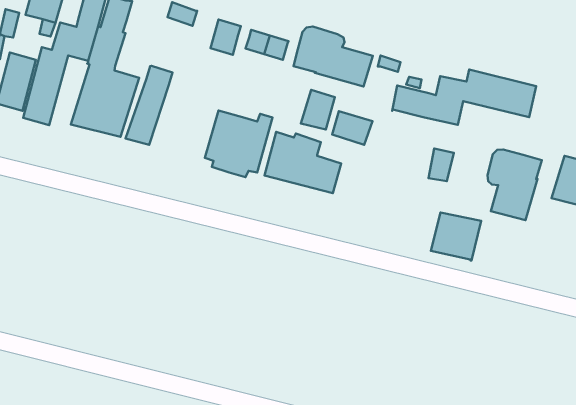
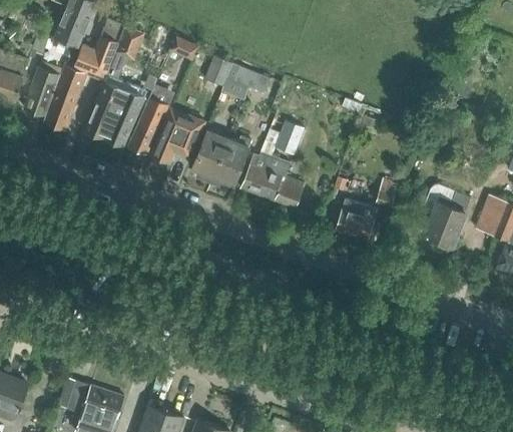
building: [294,27,373,86] -> none
building: [392,70,536,125] -> none
building: none -> [149,109,188,163]
building: [332,111,373,145] -> none
building: [431,212,481,261] -> [334,199,378,242]

